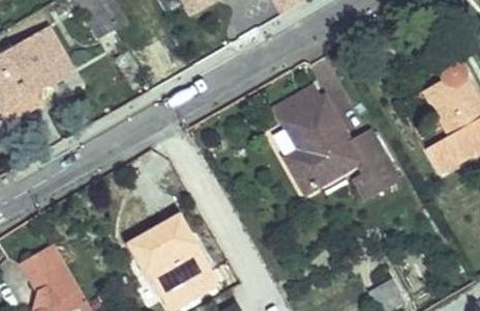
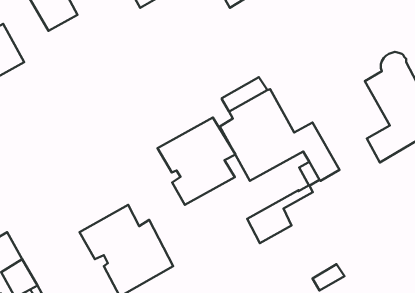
building: none -> [157,118,235,205]
building: none -> [247,185,313,243]

